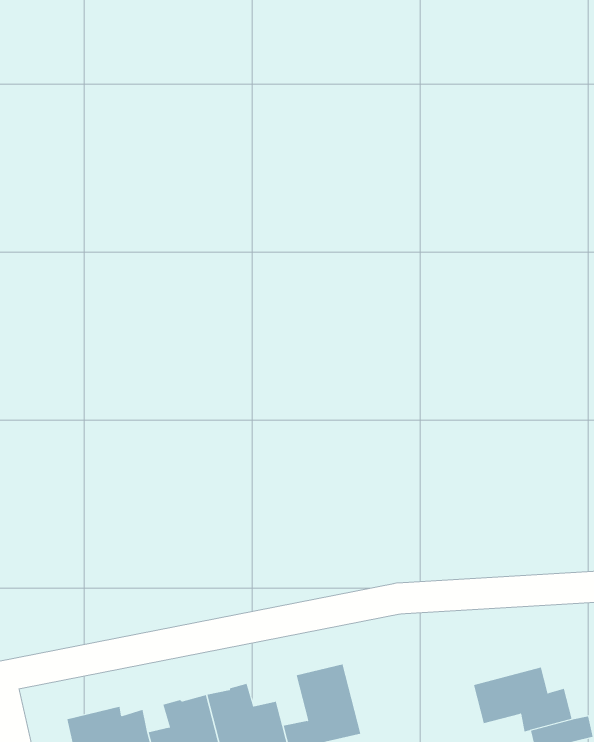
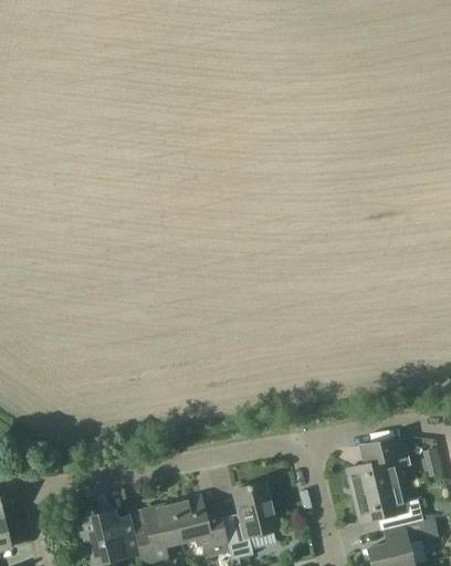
building: none -> [347,439,410,497]

